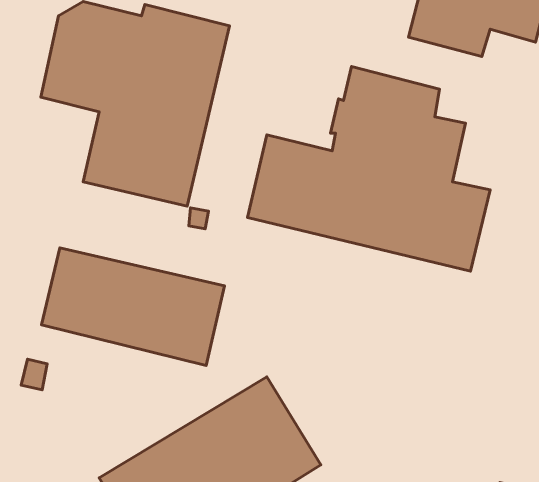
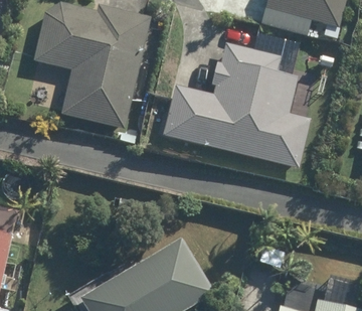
building: [42,248,225,365] -> none

